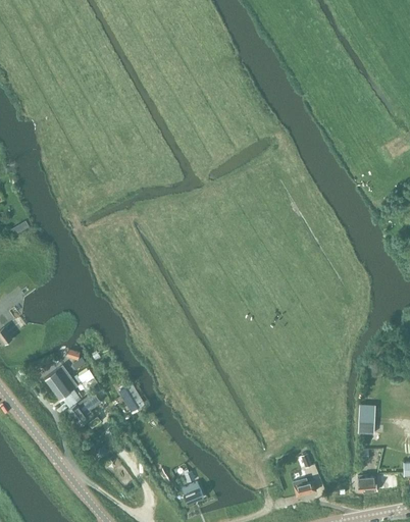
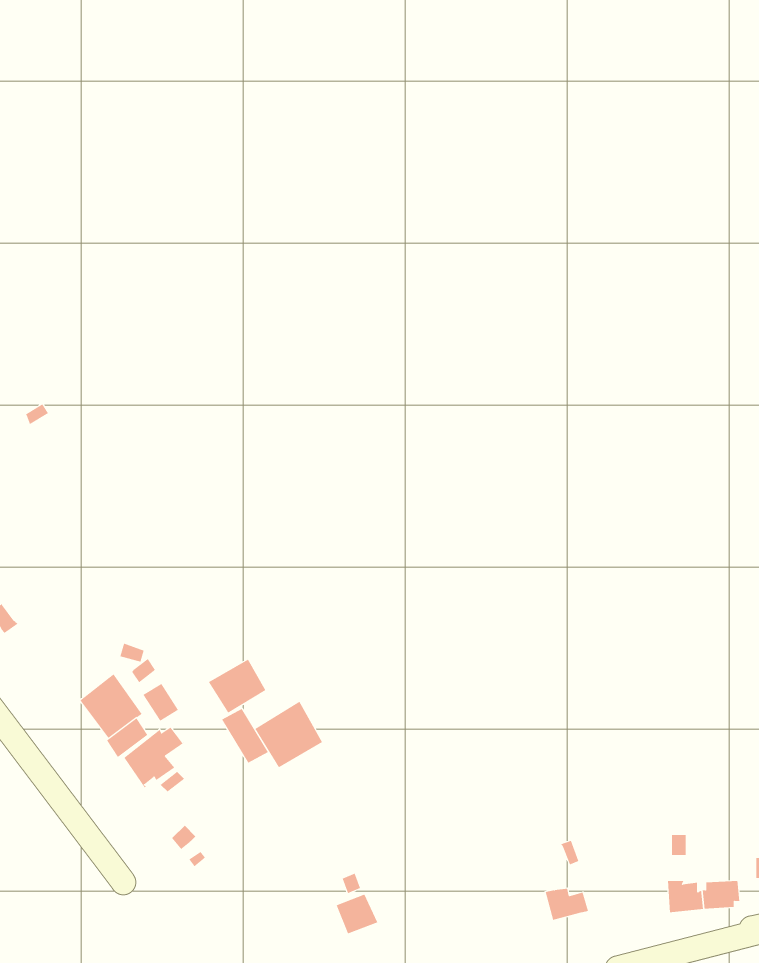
building: none -> [208,659,266,714]
building: none -> [255,701,323,768]
building: [358,404,375,433] -> none

